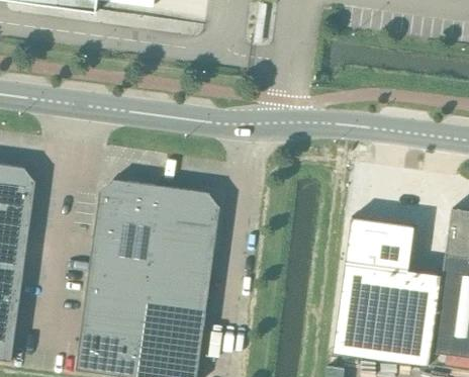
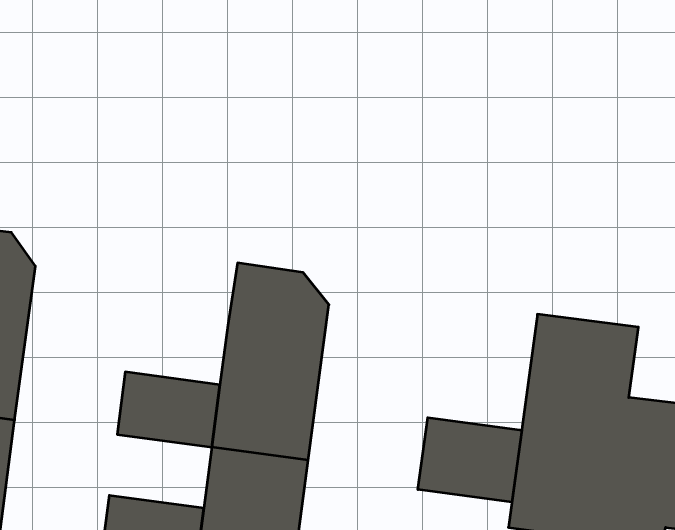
building: [91,180,162,262] -> none
building: none -> [418,418,522,502]
building: [81,293,146,340] -> none

